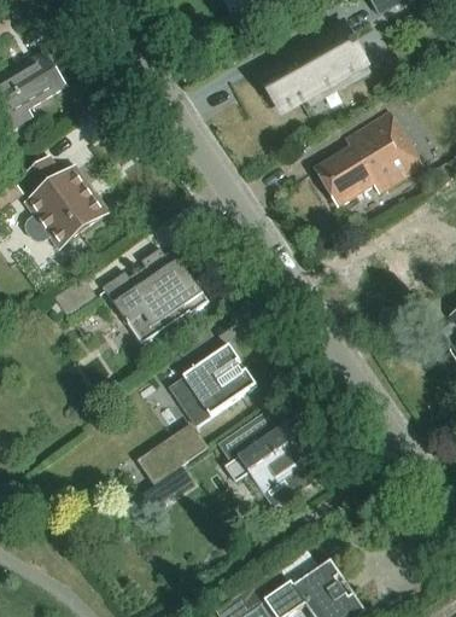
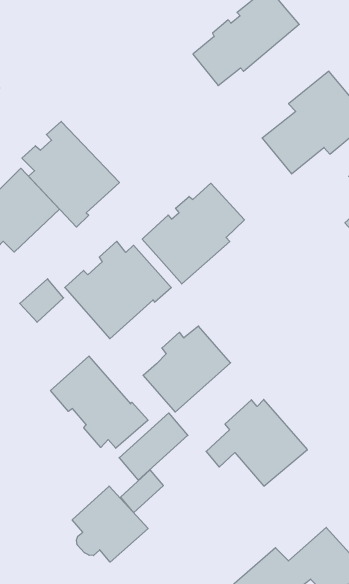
building: none -> [22,121,119,227]
building: none -> [142,183,244,284]
building: none -> [51,356,148,448]
building: none -> [72,486,148,562]

